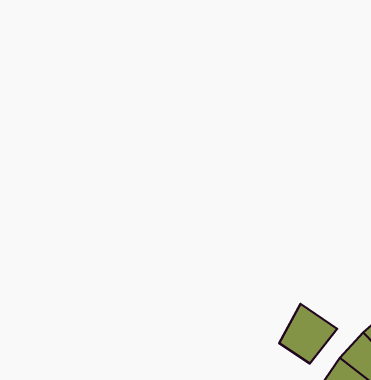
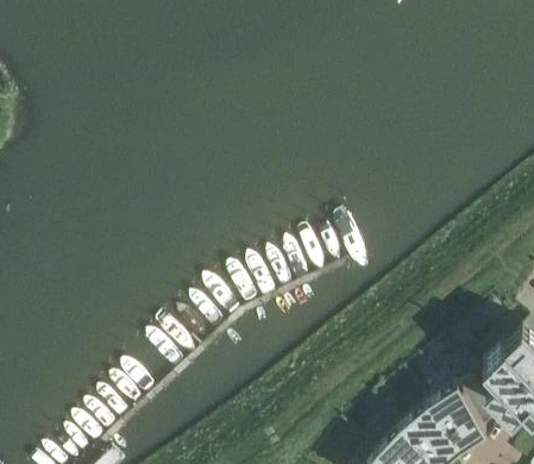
building: [279,304,337,364] -> none

